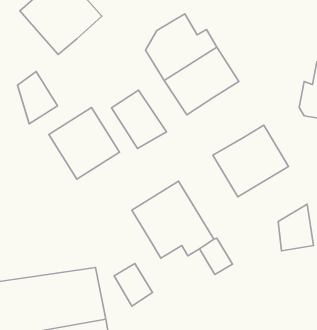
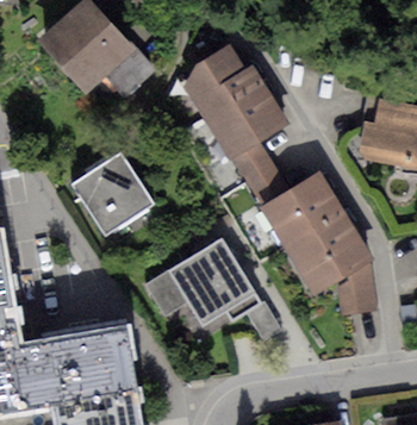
building: none -> [105,46,156,96]
building: [17,72,58,124] -> none
building: [112,90,167,148] -> [231,139,294,206]
building: none -> [290,219,373,295]
building: [114,264,153,306] -> [144,269,188,318]

